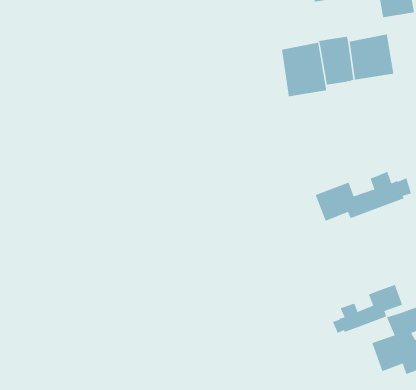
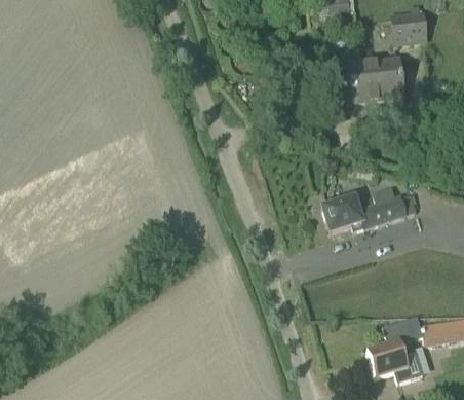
building: [282,42,327,97] -> none
building: [332,284,403,334] -> none

